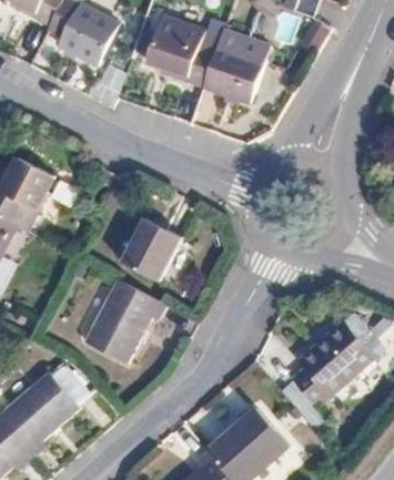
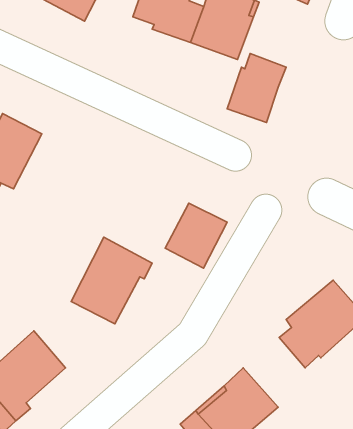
building: none -> [227,54,286,123]
building: [122,217,183,282] -> [165,203,227,268]

